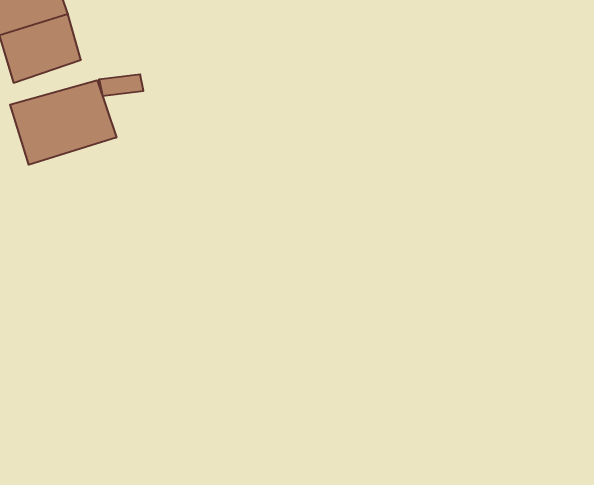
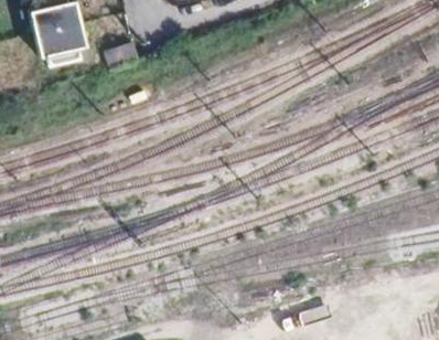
building: [10,80,116,165] -> none

